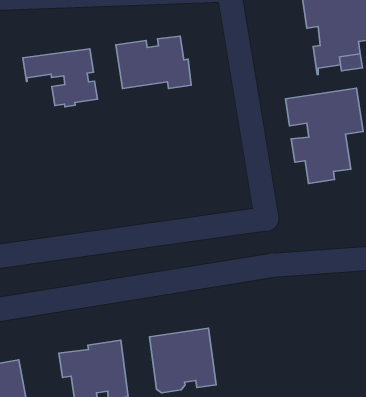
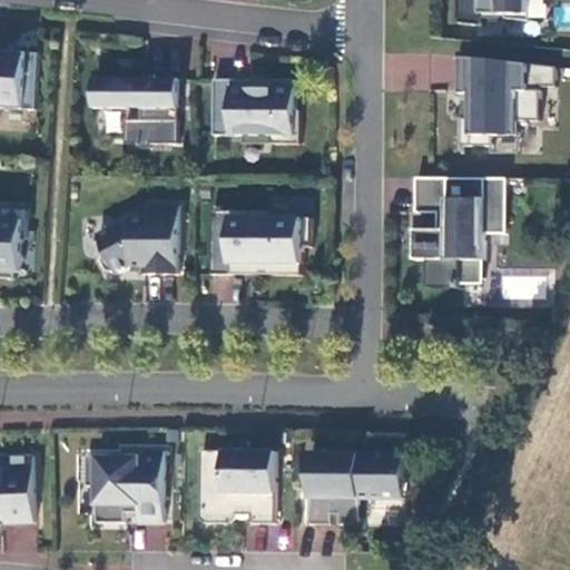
building: none -> [208,208,309,273]
building: none -> [94,202,176,273]
building: none -> [307,452,403,523]

